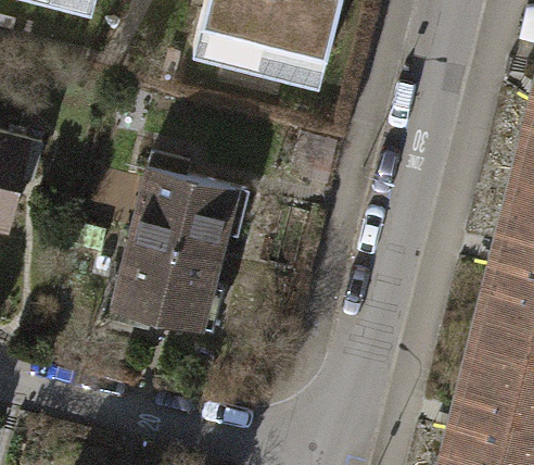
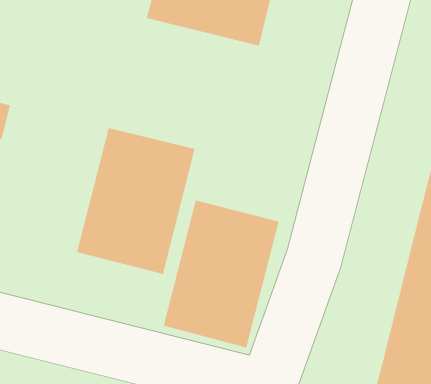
building: none -> [163,200,280,349]

